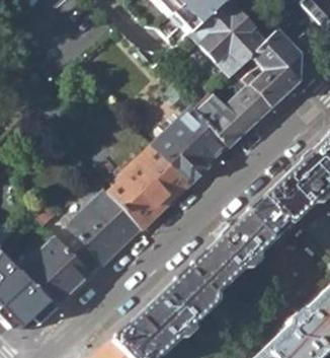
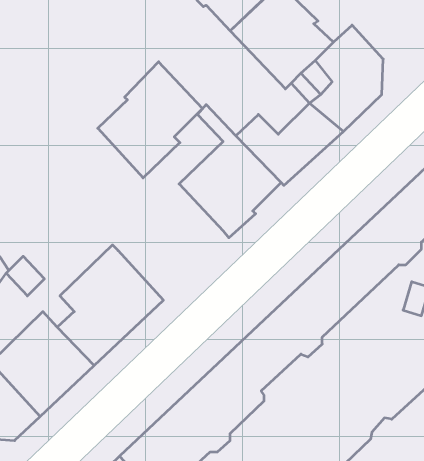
building: [110,146,185,229] -> [98,62,203,178]

